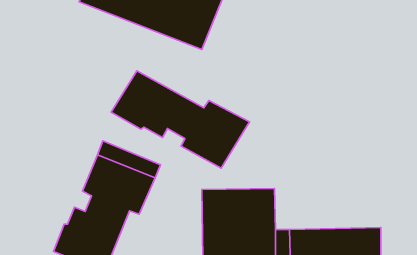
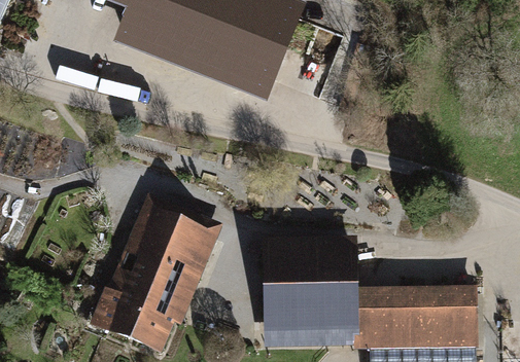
building: [111,71,250,168] -> none

